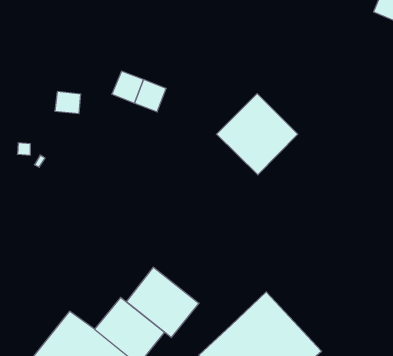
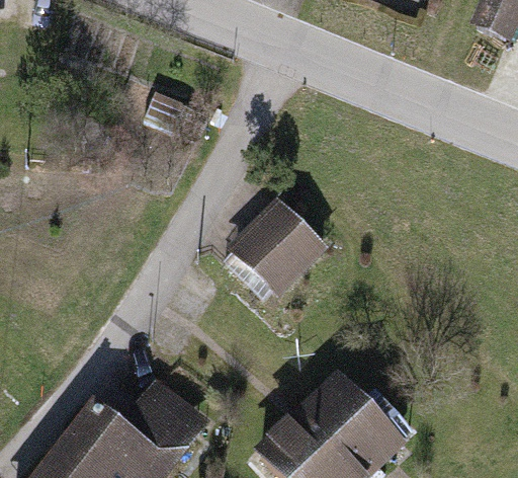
building: [216,94,298,175] -> [227,200,328,301]
building: [126,267,199,338] -> none

